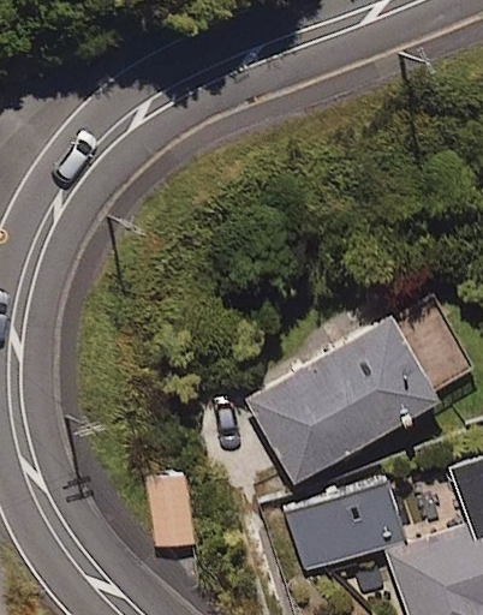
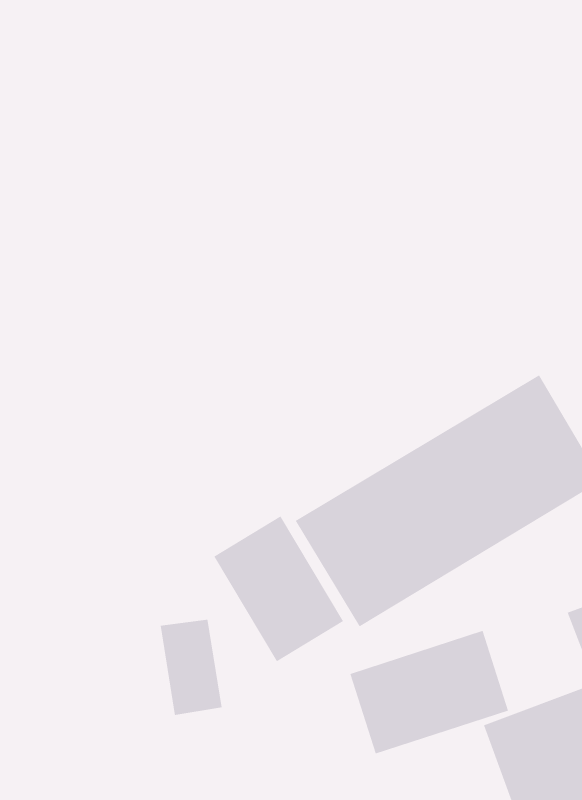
building: none -> [214,516,344,662]

